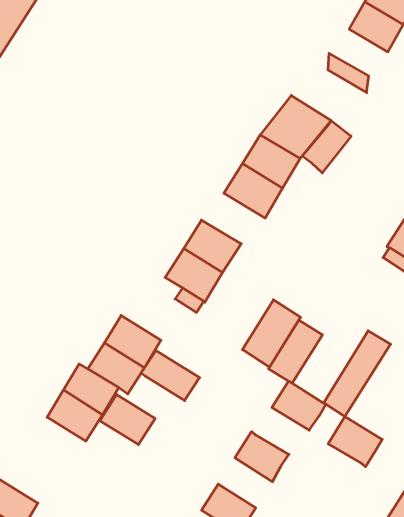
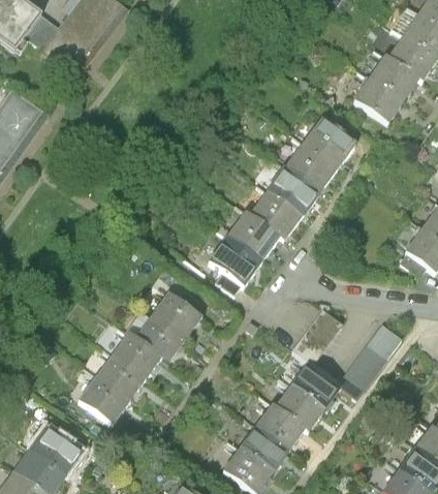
building: none -> [368,58,416,102]
building: [302,120,351,173] -> none
building: none -> [248,194,300,243]
building: [242,300,301,367] -> none
building: [141,350,200,401] -> none
building: [100,395,155,445] -> [77,377,126,423]
building: [328,417,382,467] -> [275,385,322,431]
building: none -> [239,427,286,472]

